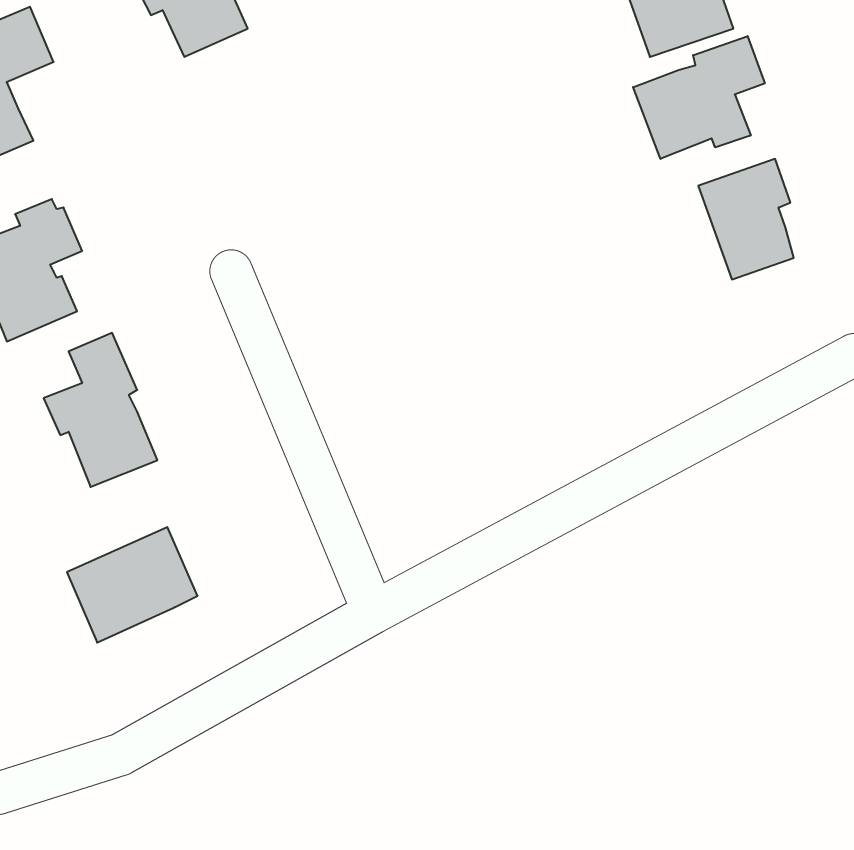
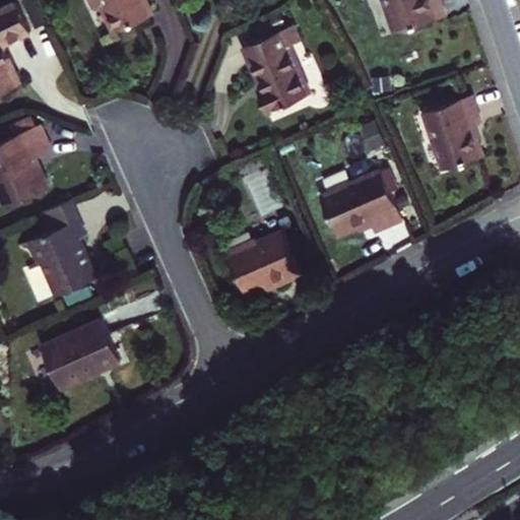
building: [633,36,765,159] -> none
building: none -> [245,31,308,113]
building: none -> [320,172,401,236]
building: none -> [225,230,301,296]

